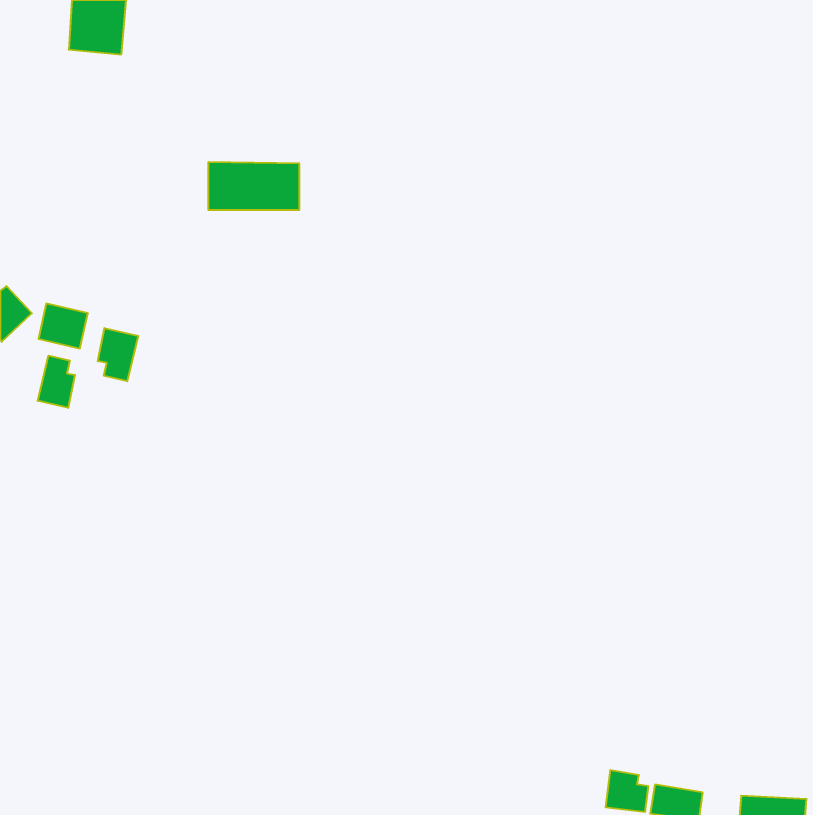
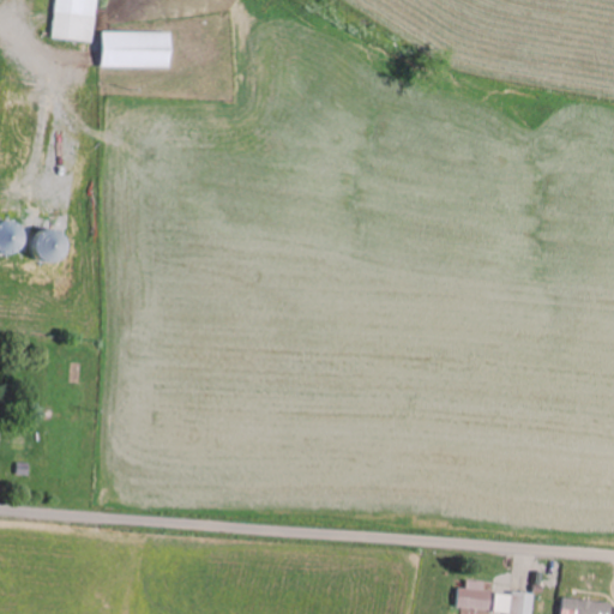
building: [208,162,299,210] -> [102,31,170,67]
building: [98,328,138,381] -> none
building: [38,356,75,408] -> none

